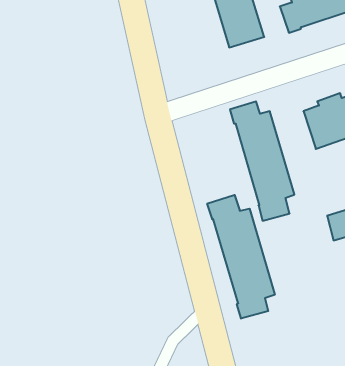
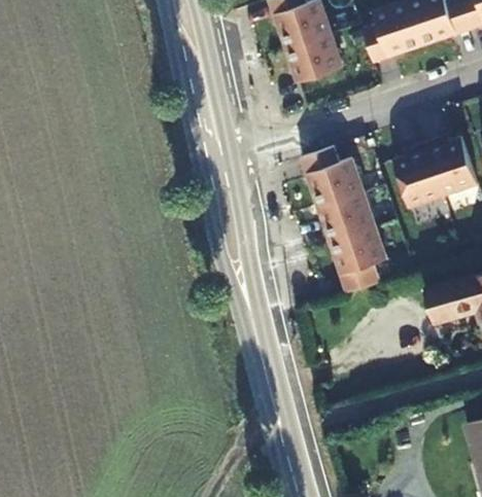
building: [207,195,275,319] -> none

